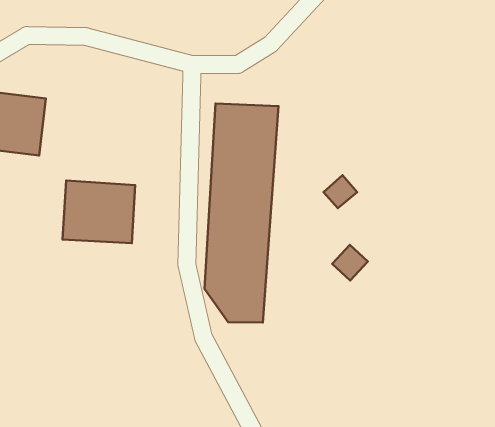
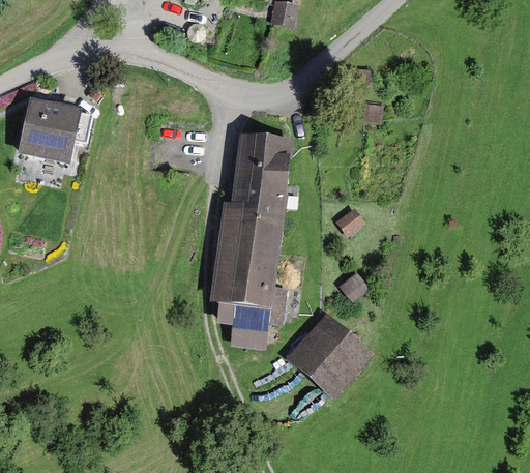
building: [63,181,135,243] -> none
building: none -> [282,312,367,396]

